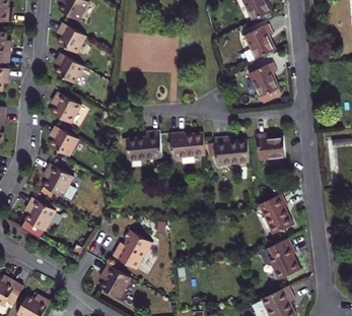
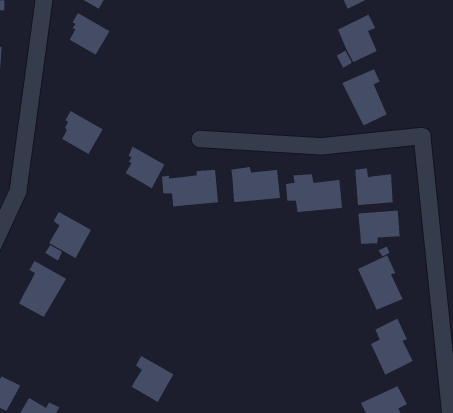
building: [54,53,83,83] -> none
building: [49,125,77,155] -> [125,146,165,189]
building: none -> [358,210,400,244]
building: [113,230,151,269] -> none

